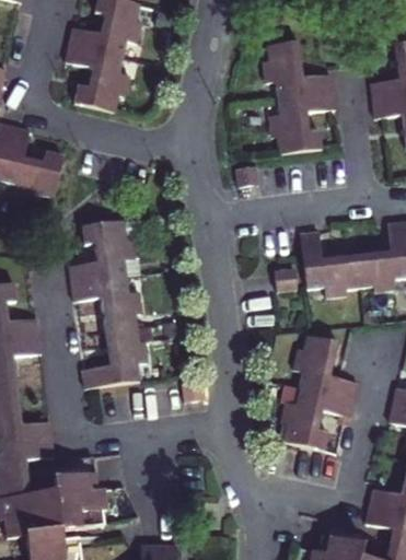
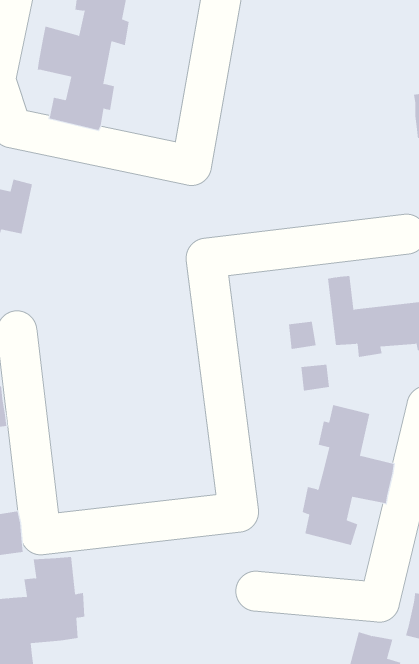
building: [263,42,334,151] -> none
building: [68,222,148,385] -> none

